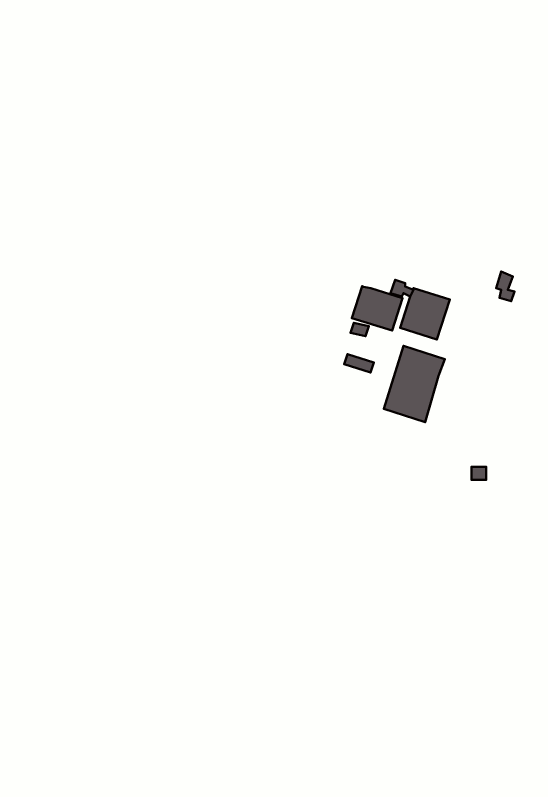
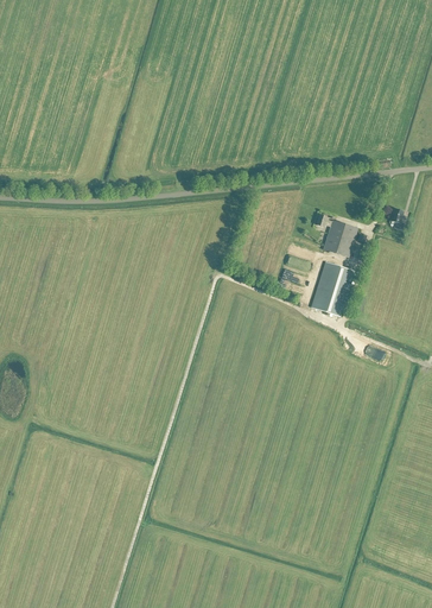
building: [352,286,402,330] -> none

